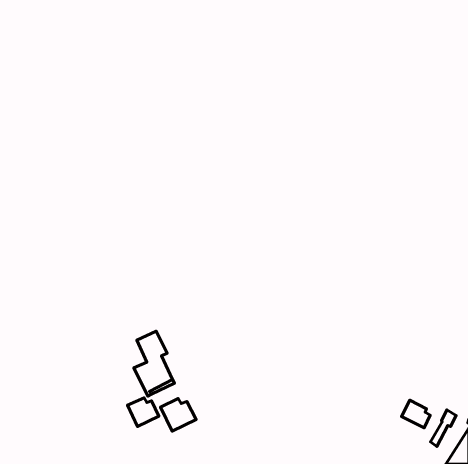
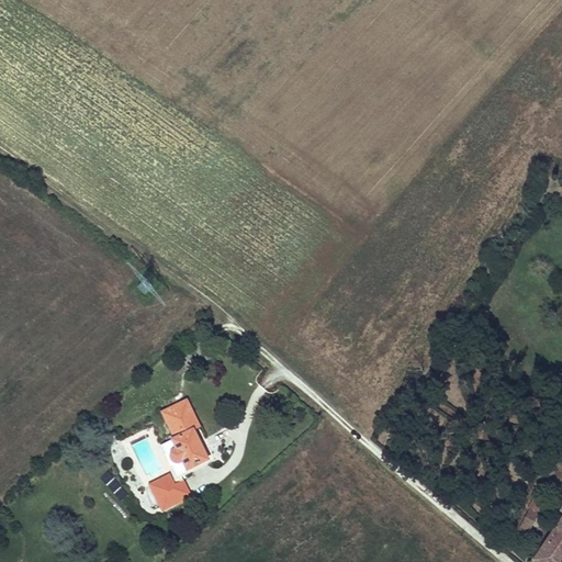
building: [161,399,196,431] -> none
building: [402,400,430,428] -> none

